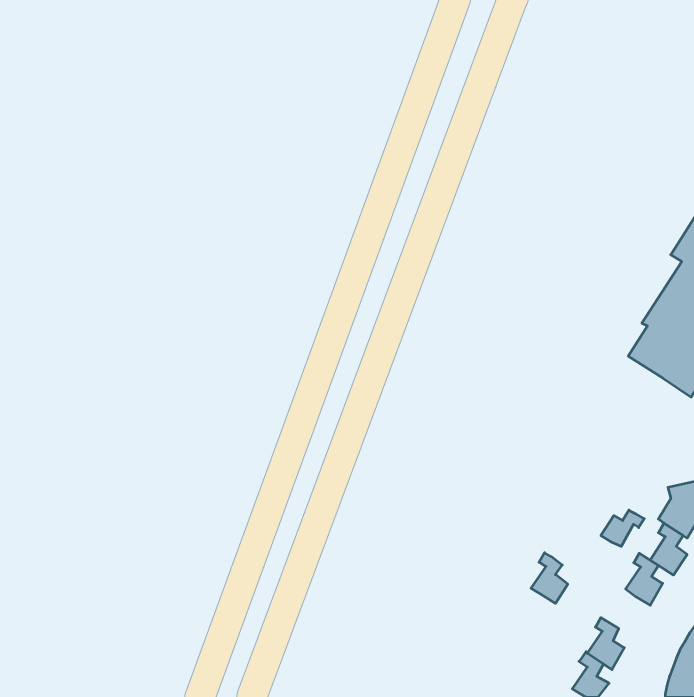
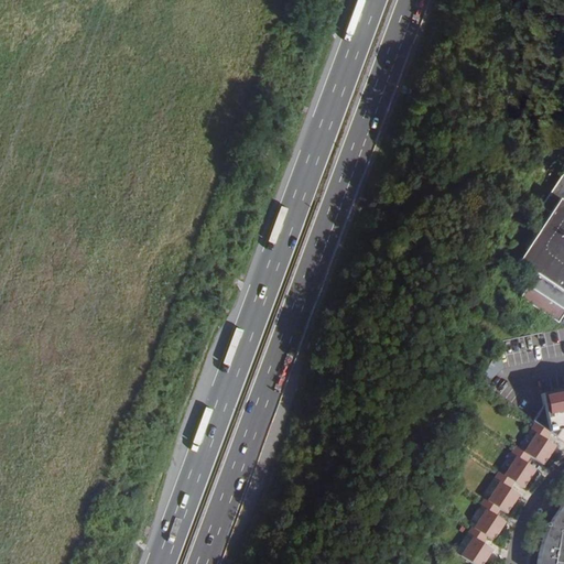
building: [601,510,644,546] -> none
building: [531,553,568,603] -> [491,470,521,511]

